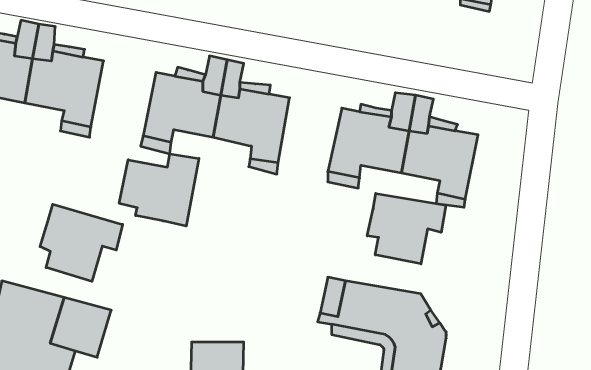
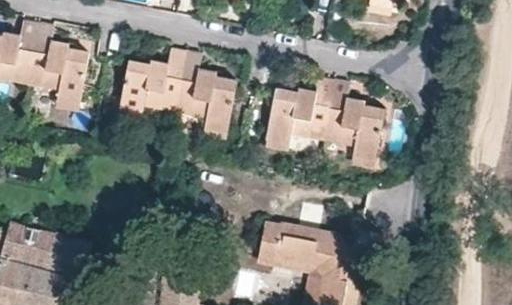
building: [119,154,199,226] -> none
building: [367,193,446,264] -> none
building: [40,204,123,281] -> none

